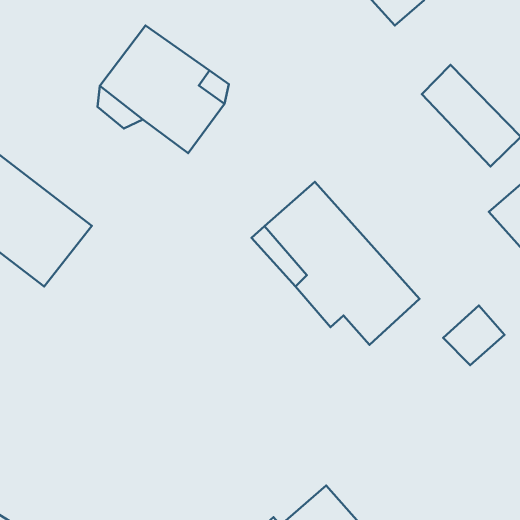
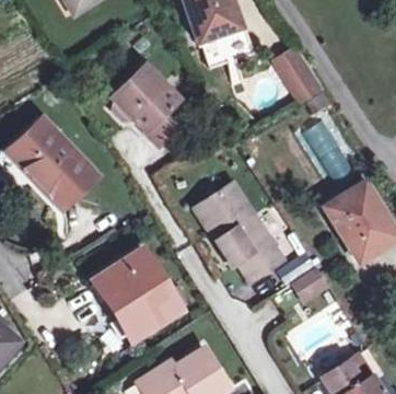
building: none -> [98,252,183,340]

